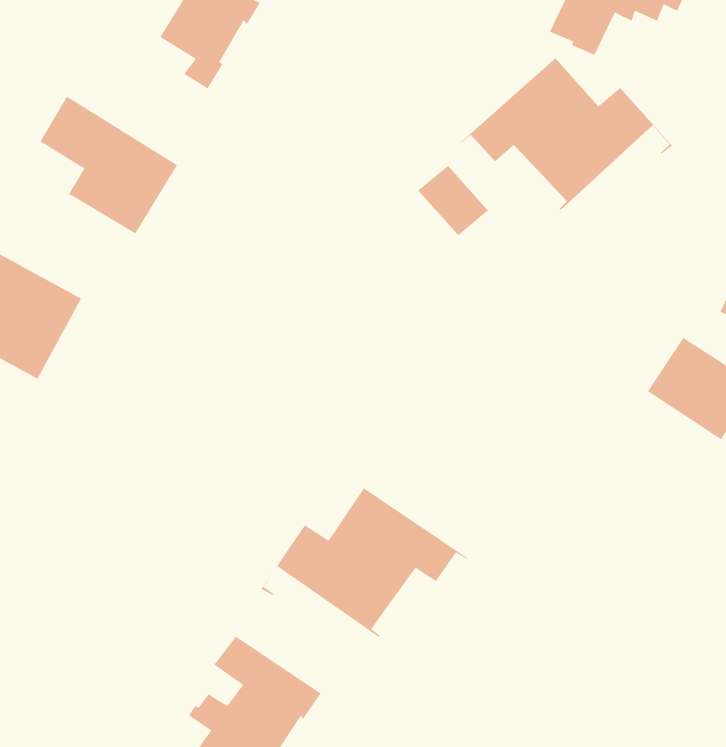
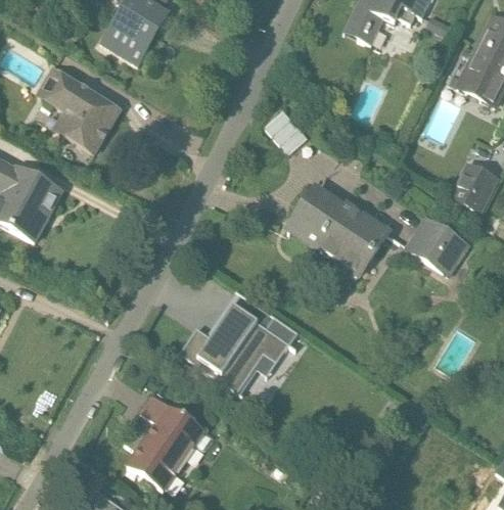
building: [460,57,673,211] -> none
building: none -> [291,185,392,273]

